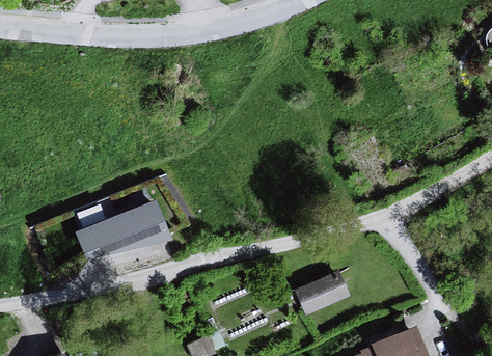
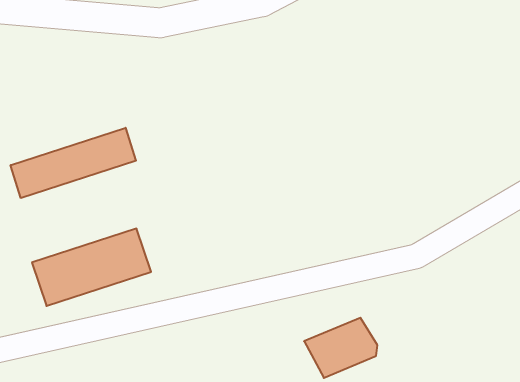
building: none -> [11,128,136,198]

